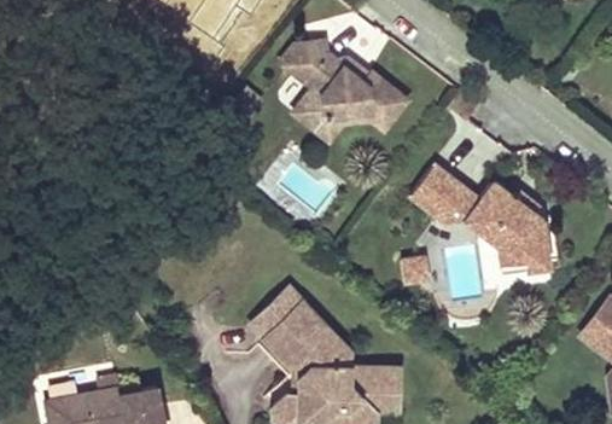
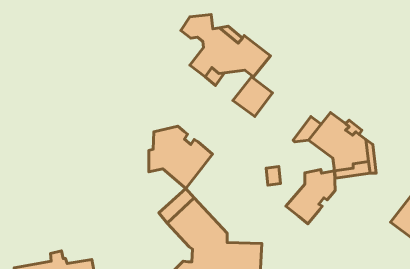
building: [410,162,467,219] -> [233,77,273,117]
building: none -> [149,126,212,188]
building: none -> [286,170,335,224]

